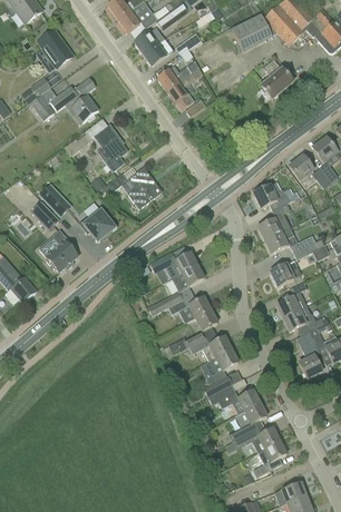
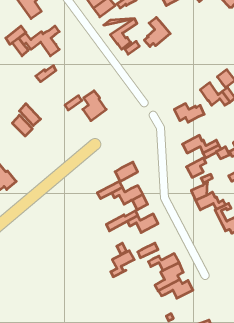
building: [256,59,292,99] -> [144,17,170,47]
building: [96,124,126,170] -> none
building: [257,201,290,239] -> none
building: [78,207,116,240] -> none
building: [45,228,77,270] -> none
building: [149,252,196,277] -> none
building: [299,329,321,377] -> none
building: [205,348,237,384] -> [111,251,134,277]
building: [253,440,285,475] -> none

